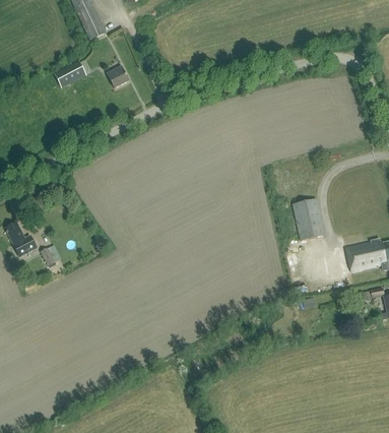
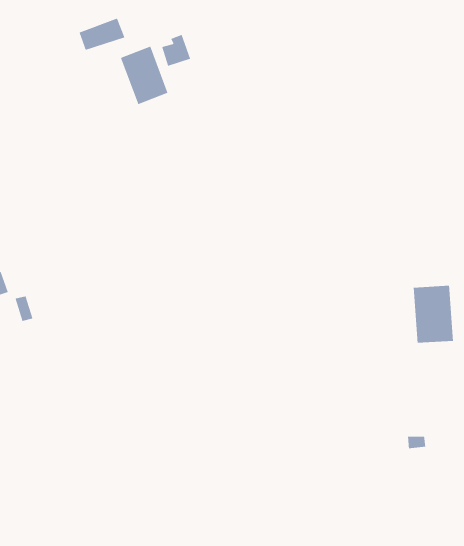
building: none -> [120,46,169,105]

